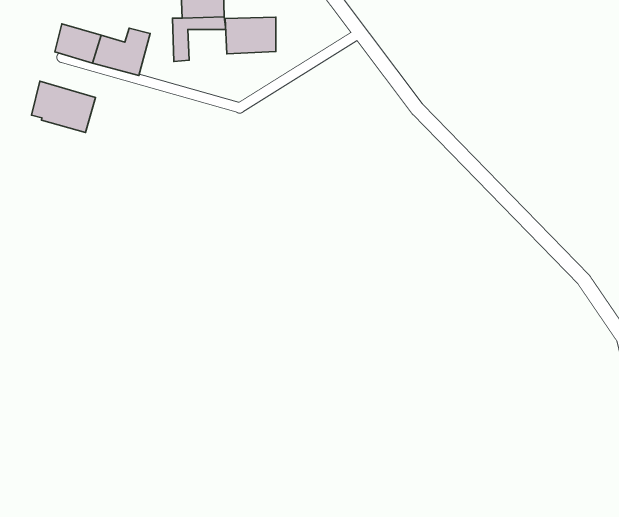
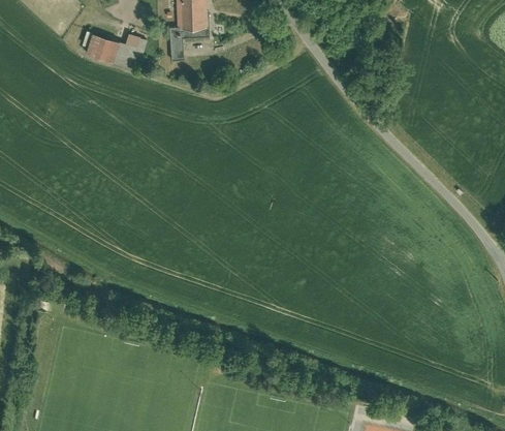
building: [225,17,276,54] -> none
building: [31,81,96,133] -> none

